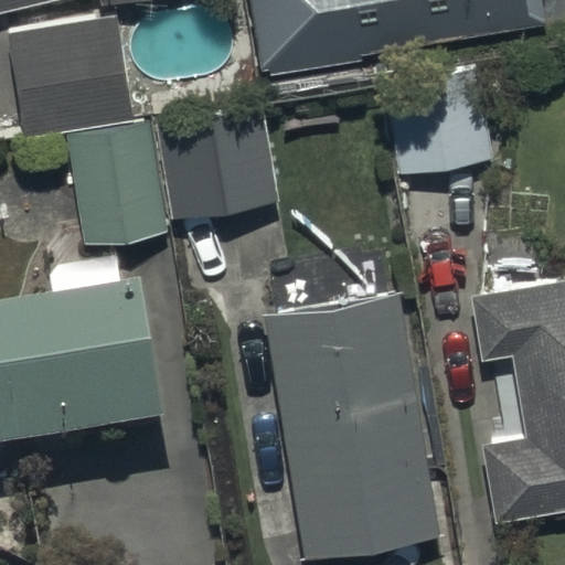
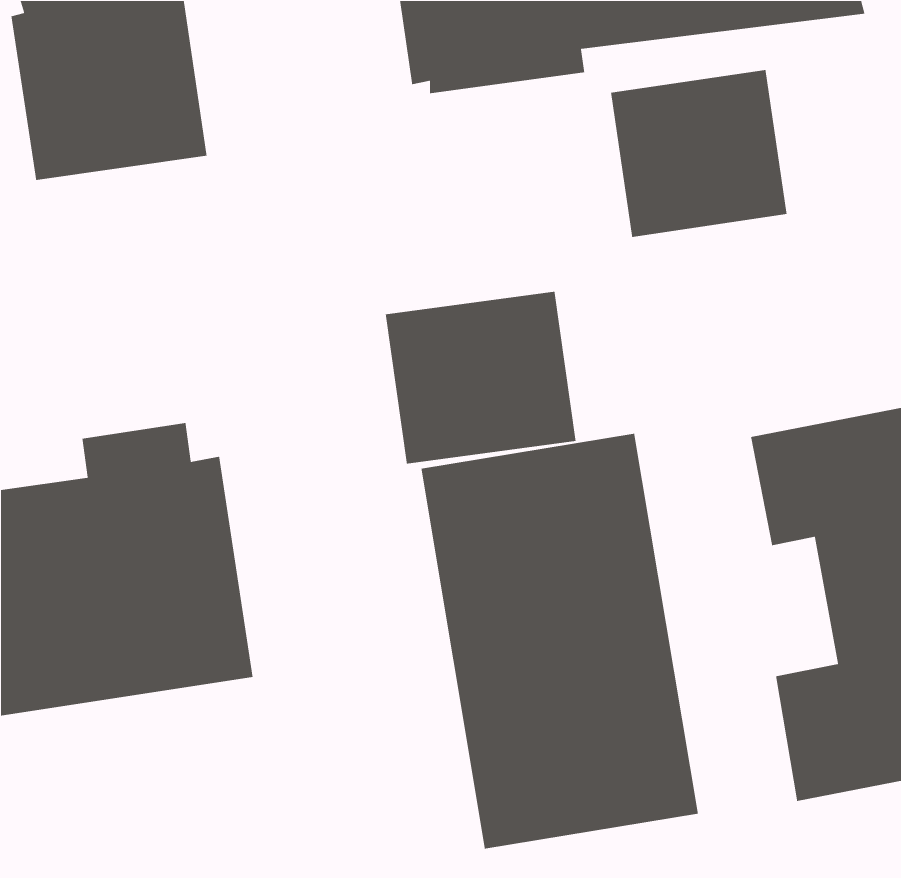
building: [159,104,278,212] -> [385,291,576,465]
building: [67,119,167,241] -> none

